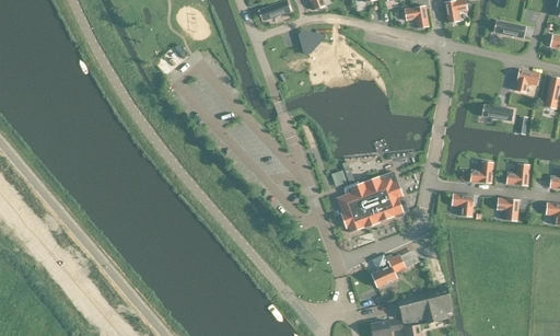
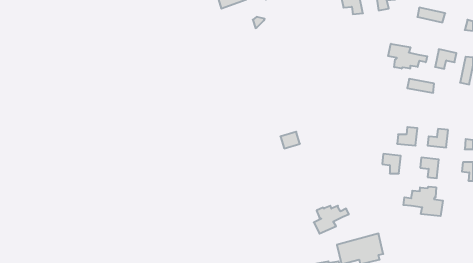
building: none -> [388,44,427,69]
building: [336,172,407,233] -> none
building: none -> [403,187,443,216]

